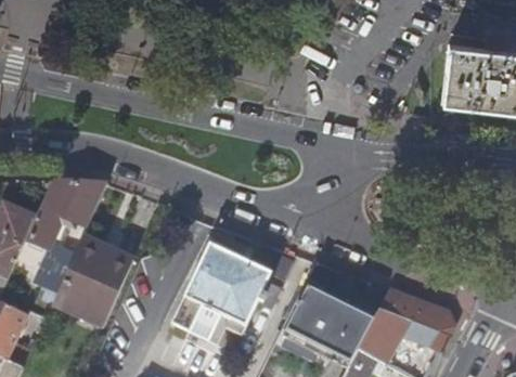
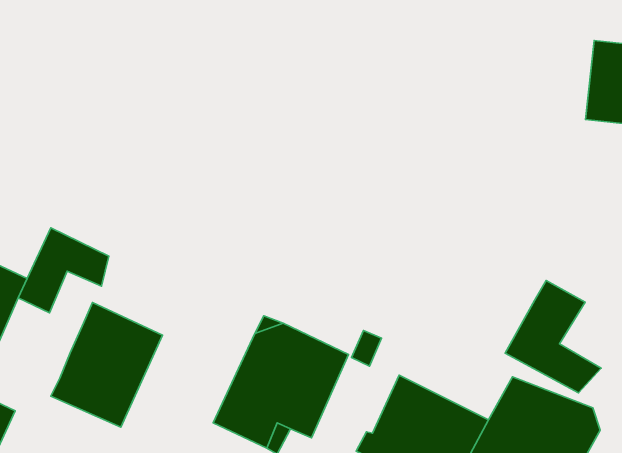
building: none -> [505,280,601,393]
building: [31,239,77,289] -> none

